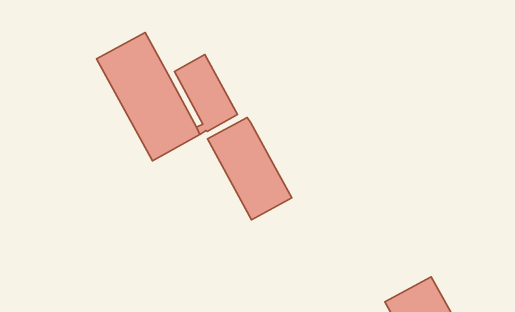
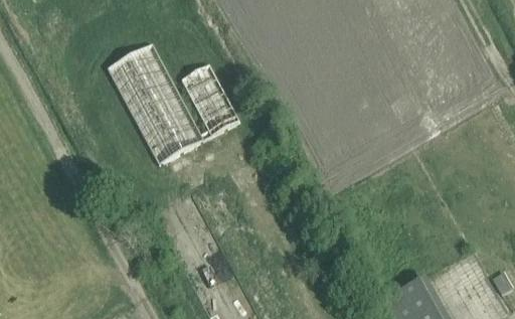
building: [208,118,292,220] -> none

